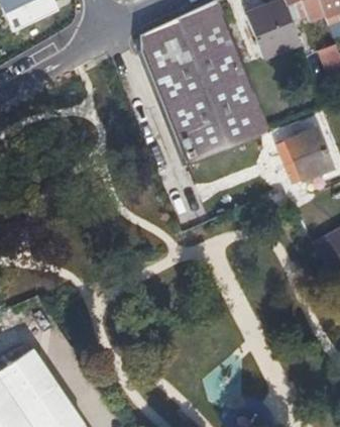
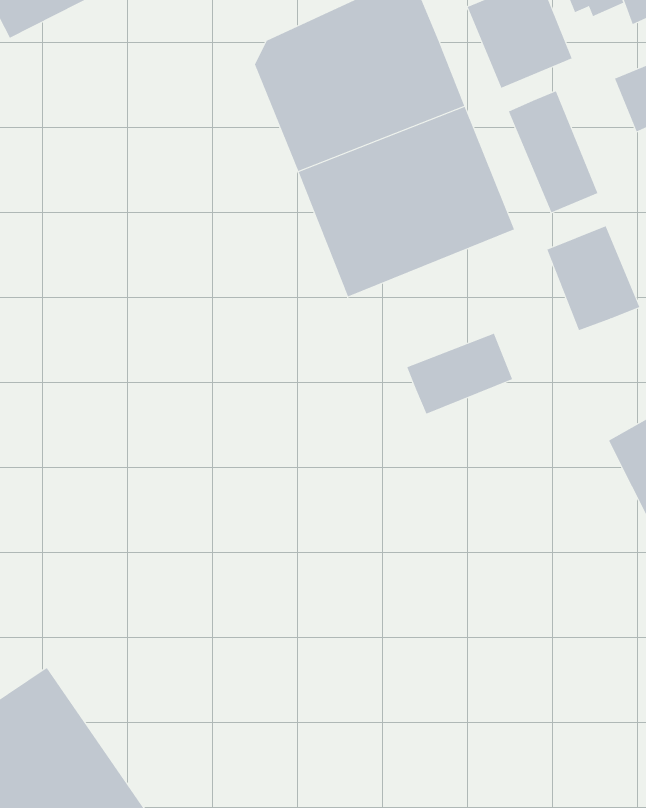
building: none -> [508,90,598,213]
building: none -> [406,333,513,415]

